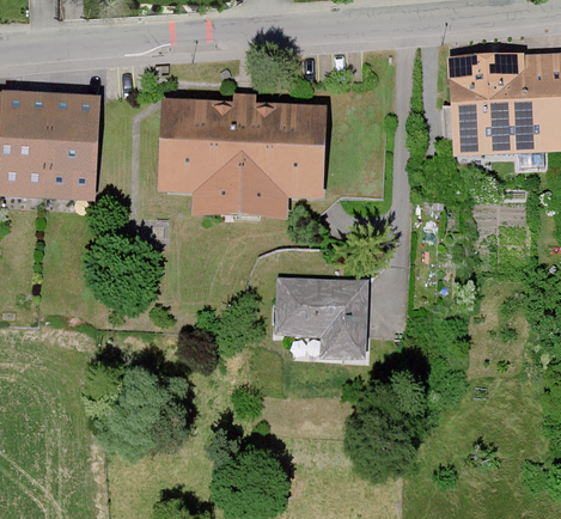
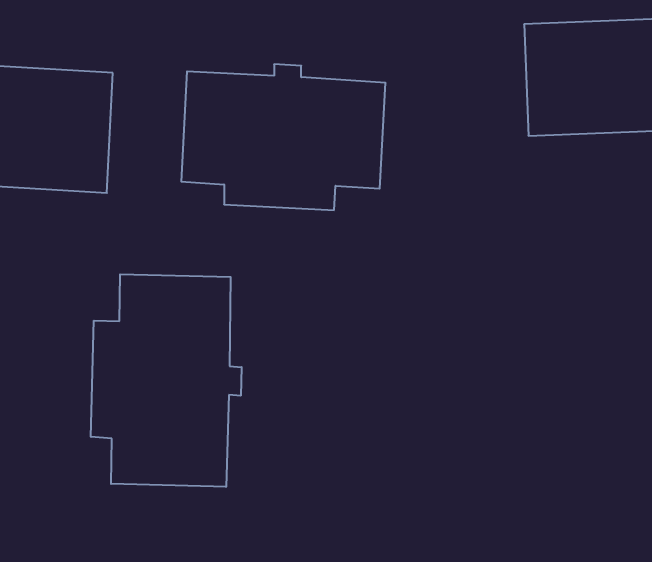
building: none -> [91,274,242,487]
building: [267,279,358,358] -> none

